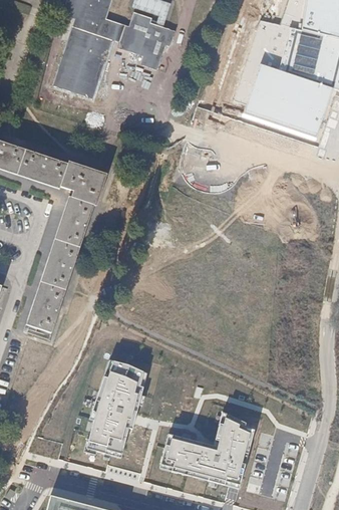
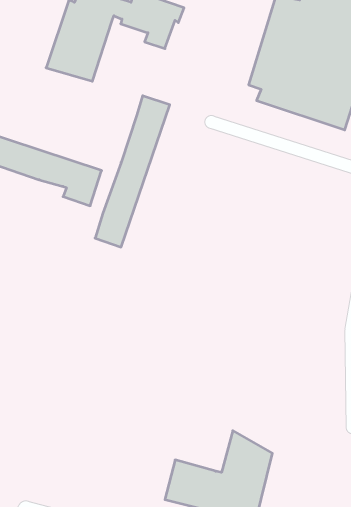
building: [27,198,93,332] -> [95,96,170,247]
building: [83,358,144,457] -> none

